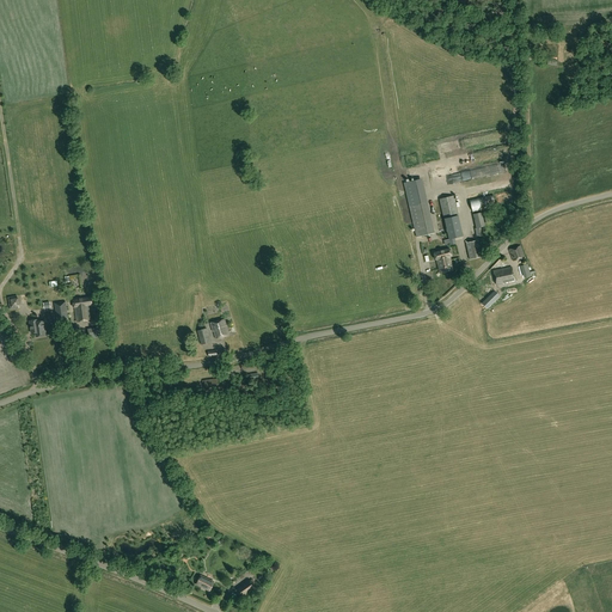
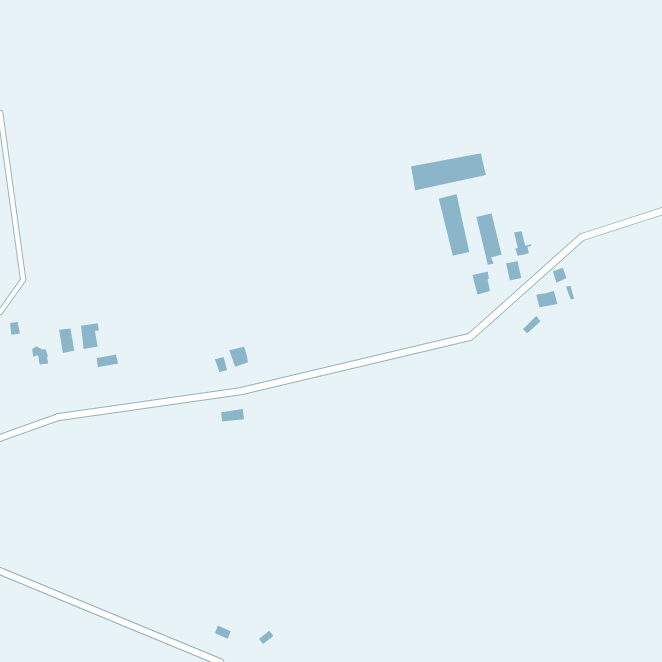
building: none -> [410,152,487,191]

